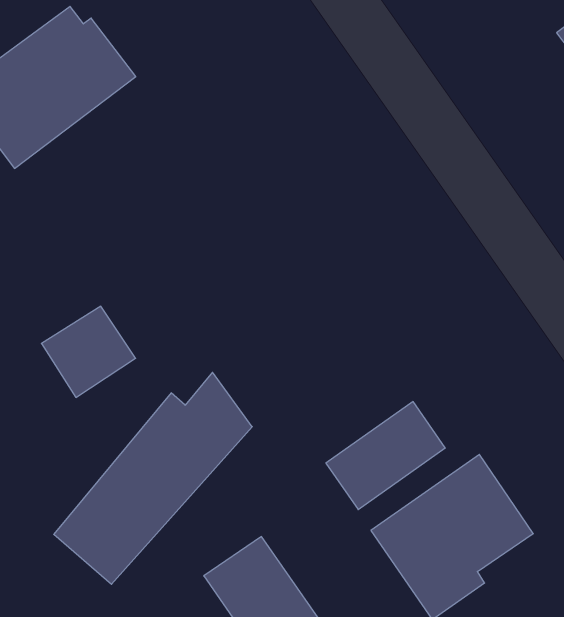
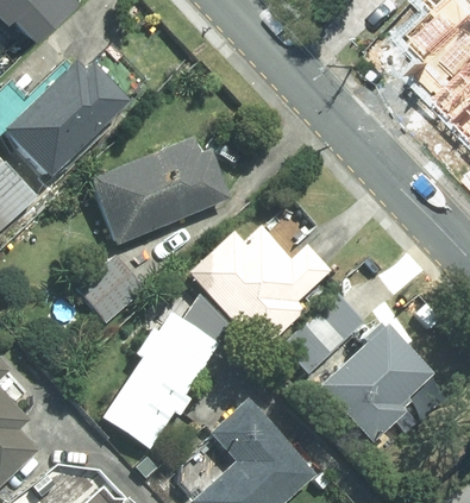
building: none -> [93,139,228,243]
building: none -> [190,227,330,350]

